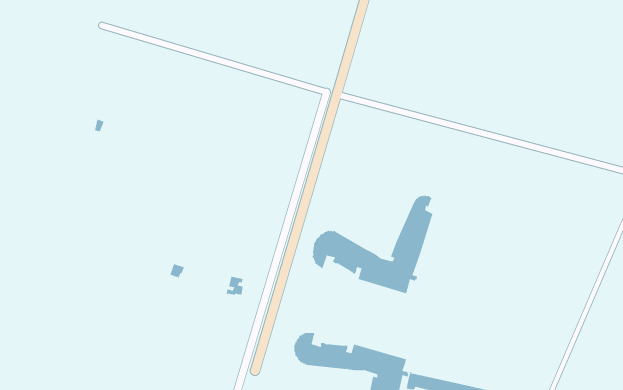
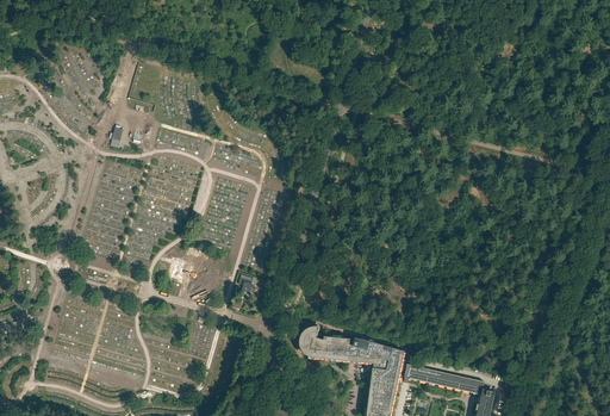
building: [312,194,433,294] -> none

